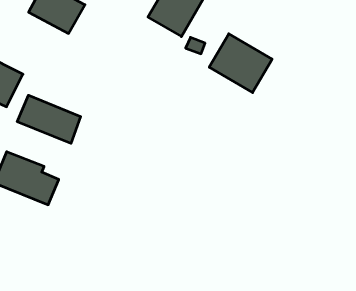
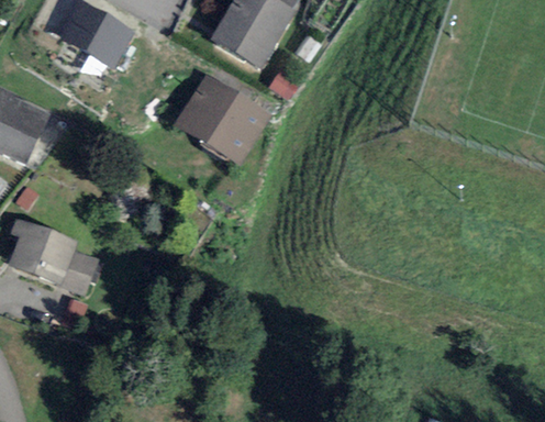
building: [209,34,272,93] -> [181,80,266,159]
building: [17,95,81,143] -> none

